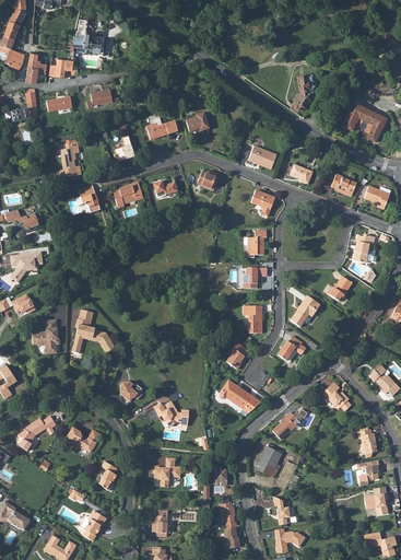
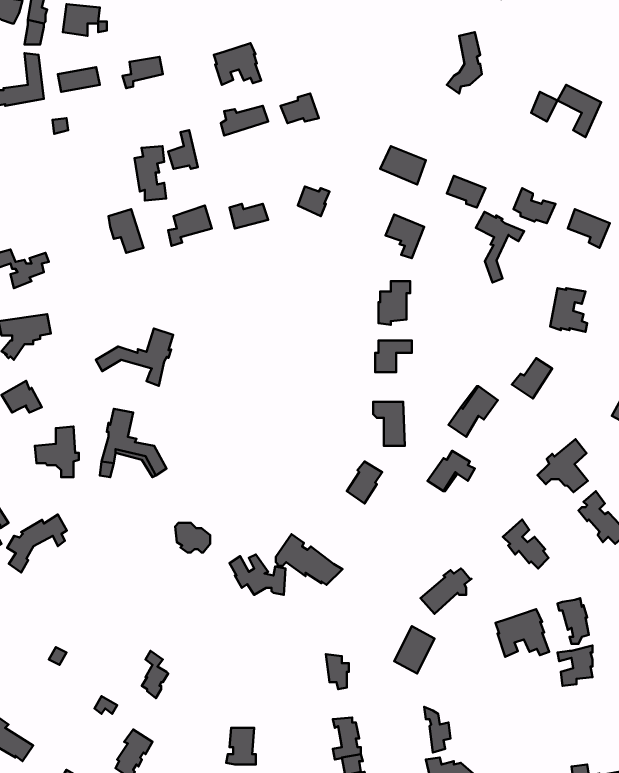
building: none -> [214,43,261,85]
building: [60,141,80,175] -> [134,146,166,200]
building: none -> [476,212,524,282]
building: none -> [96,328,173,386]
building: none -> [537,439,588,492]
building: [219,380,260,411] -> [276,534,342,585]
building: [17,415,55,451] -> [7,515,67,572]
building: [67,425,101,451] -> none
building: none -> [496,609,549,657]
building: [153,456,180,486] -> none
building: [365,486,388,515] -> none

